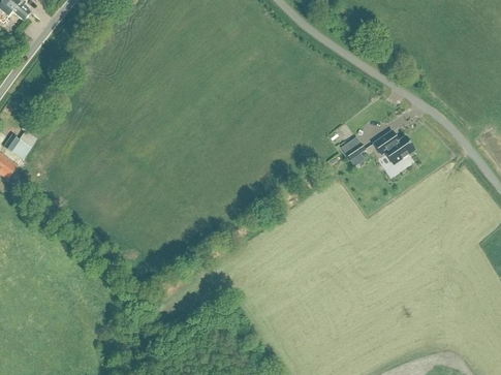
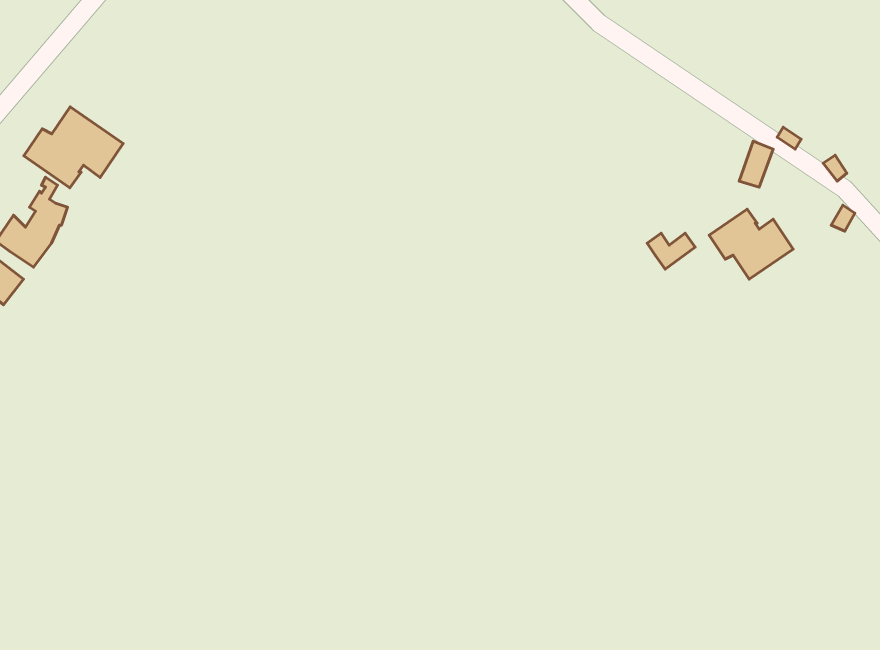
building: none -> [24,107,123,188]

